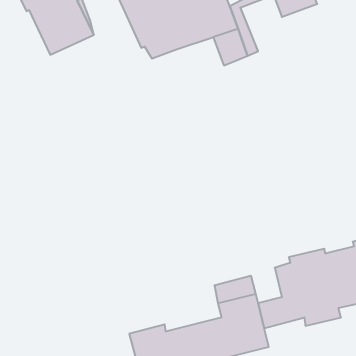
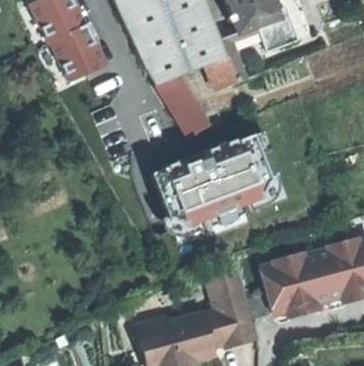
building: none -> [158,78,210,139]
building: none -> [152,135,273,227]

